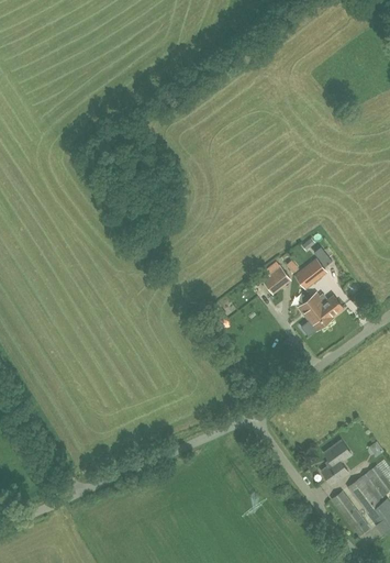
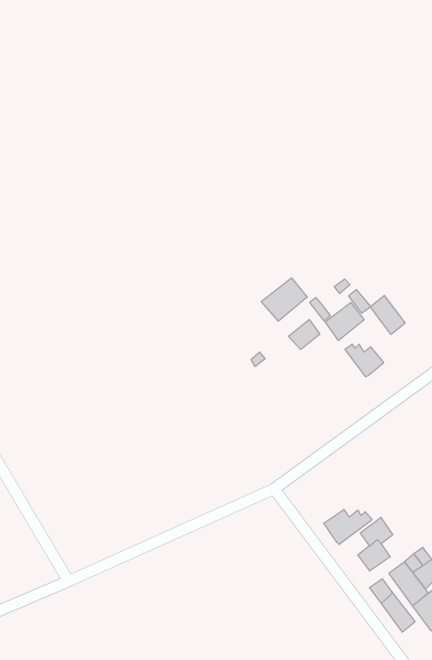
building: none -> [261,278,307,321]
building: [299,296,328,329] -> [370,295,405,334]
building: none -> [324,509,372,545]

